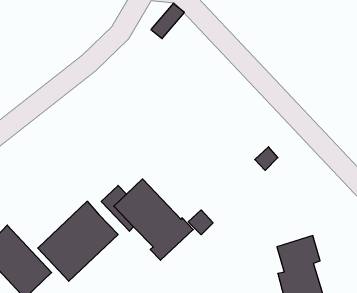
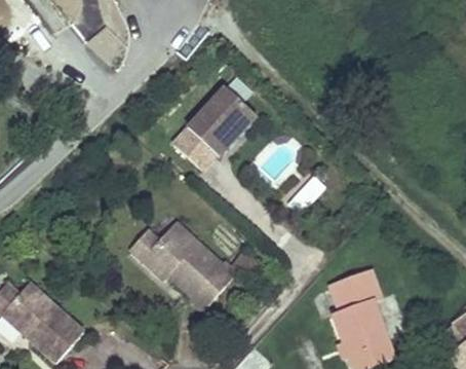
building: none -> [172,85,256,169]
building: [38,201,118,281] -> none

